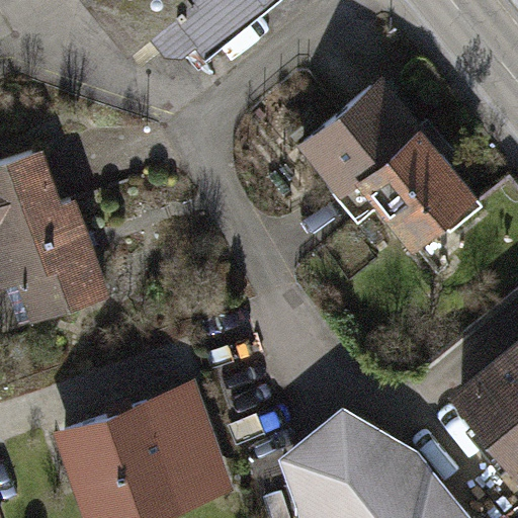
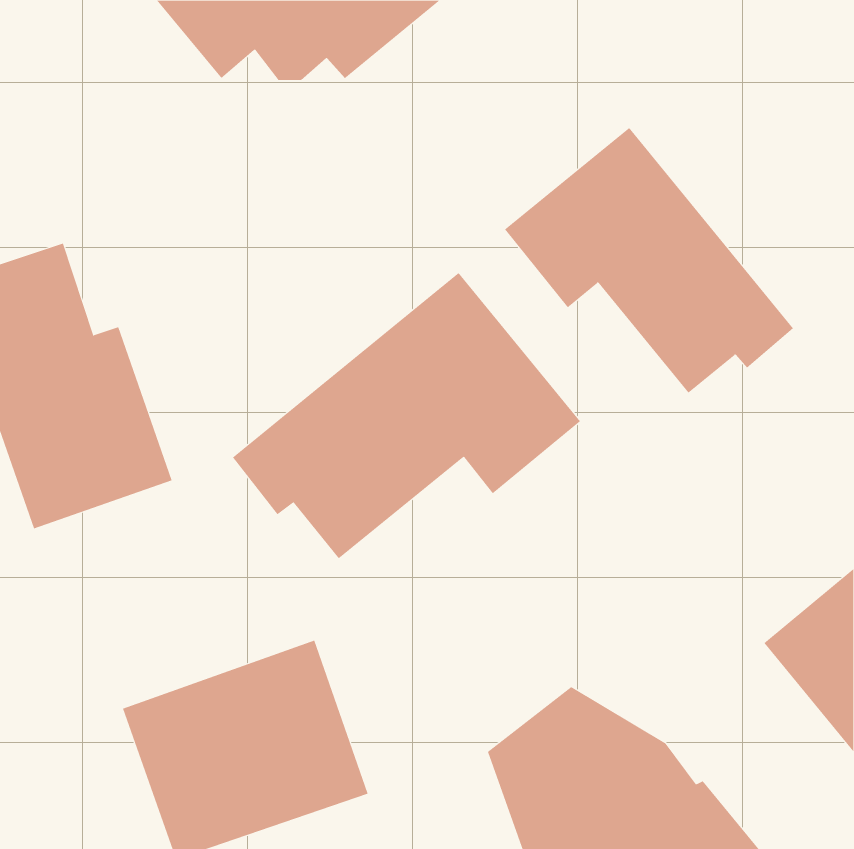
building: none -> [232,272,581,559]

